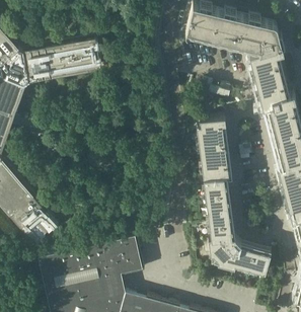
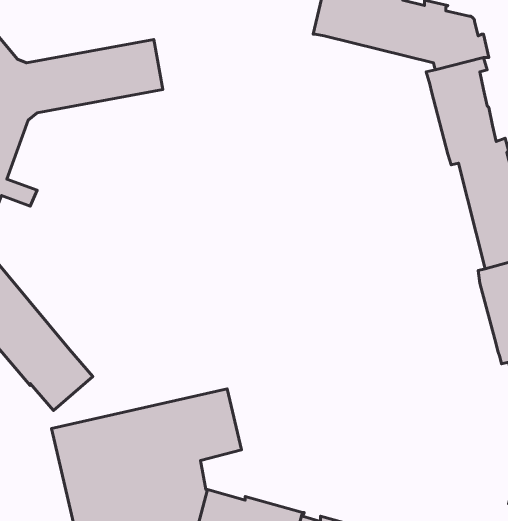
building: [197,116,271,274] -> none

